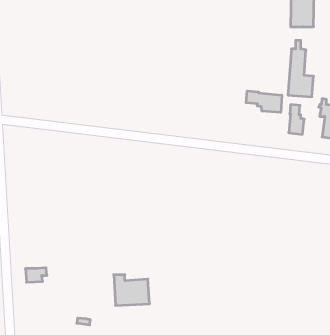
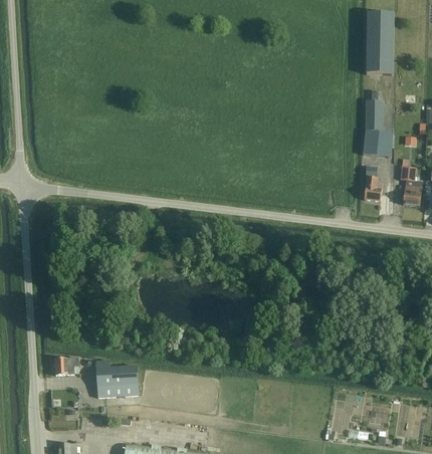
building: [246,91,282,112] -> none
building: [114,275,150,305] -> [96,360,139,396]

